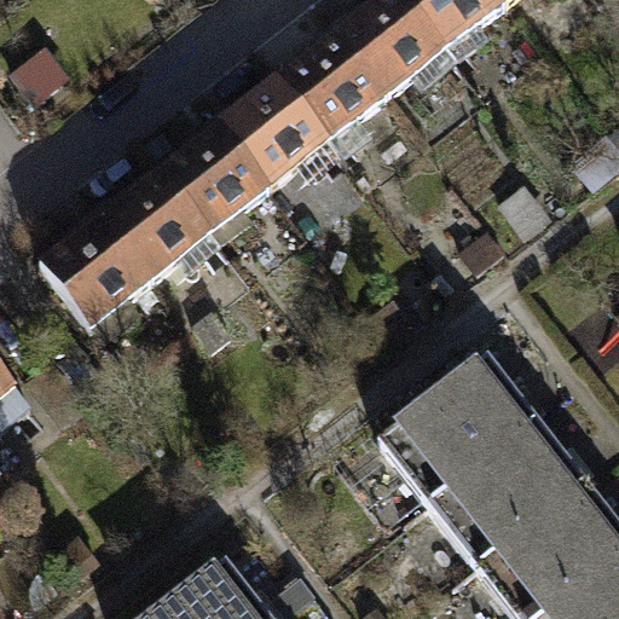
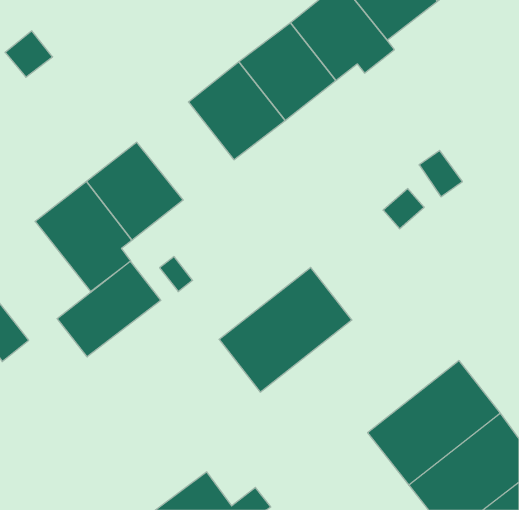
building: [161,120,274,235] -> none
building: none -> [57,261,161,357]
building: [383,361,539,508] -> [219,267,352,392]

